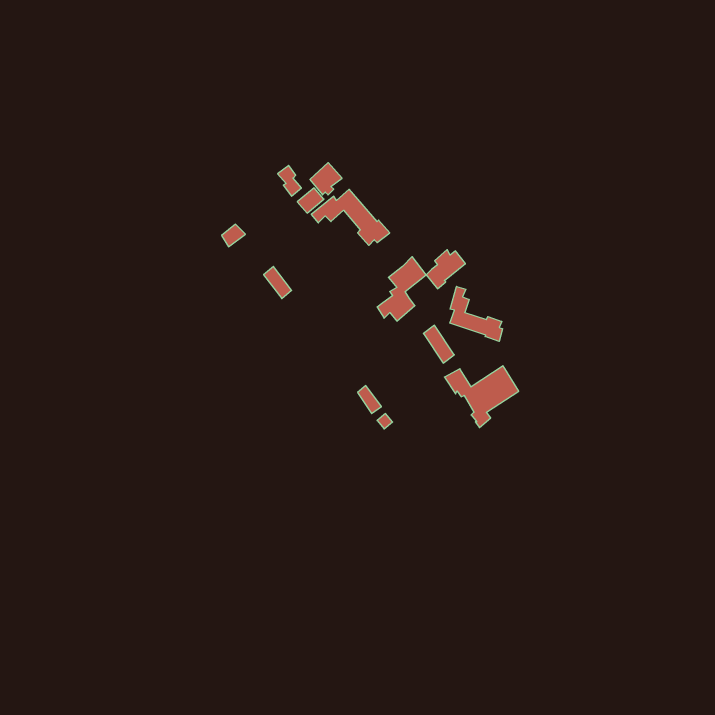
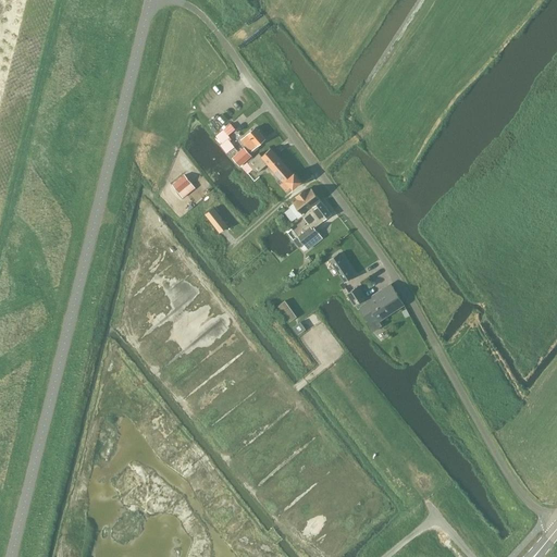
building: [426,250,465,289] -> [289,187,320,218]
building: [450,286,503,341] -> none

